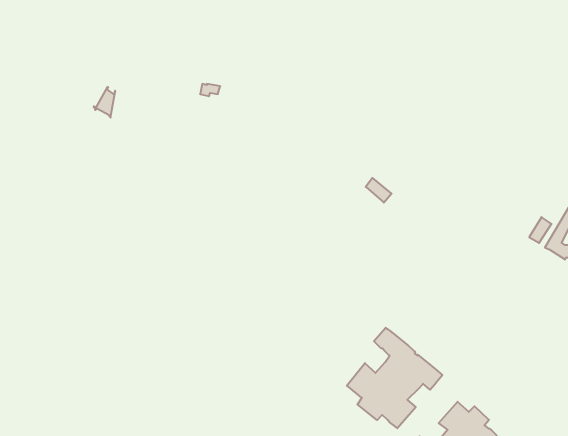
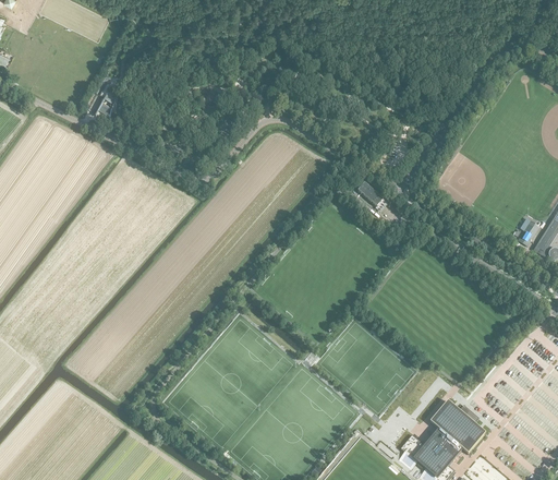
building: [347,328,442,428] -> none

